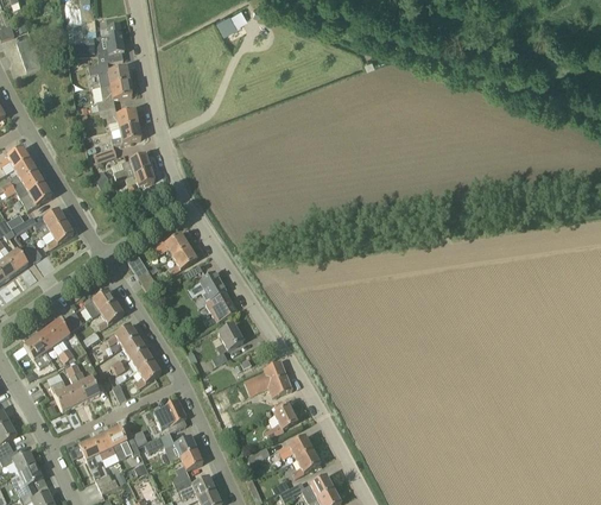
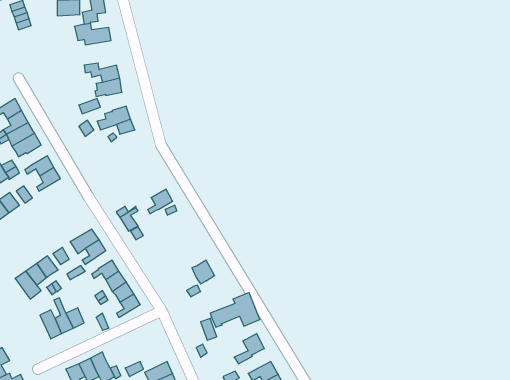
building: [97,81,132,108] -> none
building: [150,232,189,254] -> none
building: [198,270,236,321] -> none
building: [152,398,186,434] -> none

